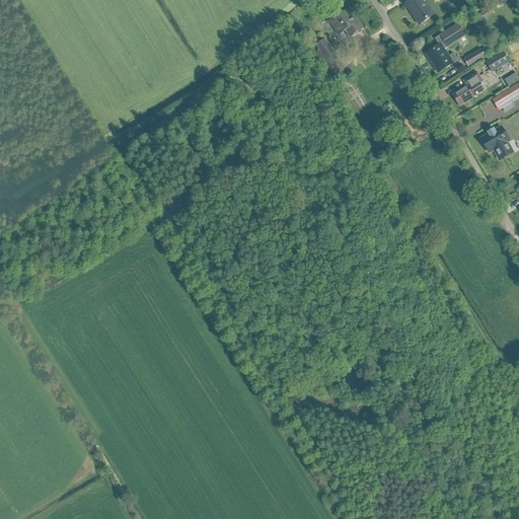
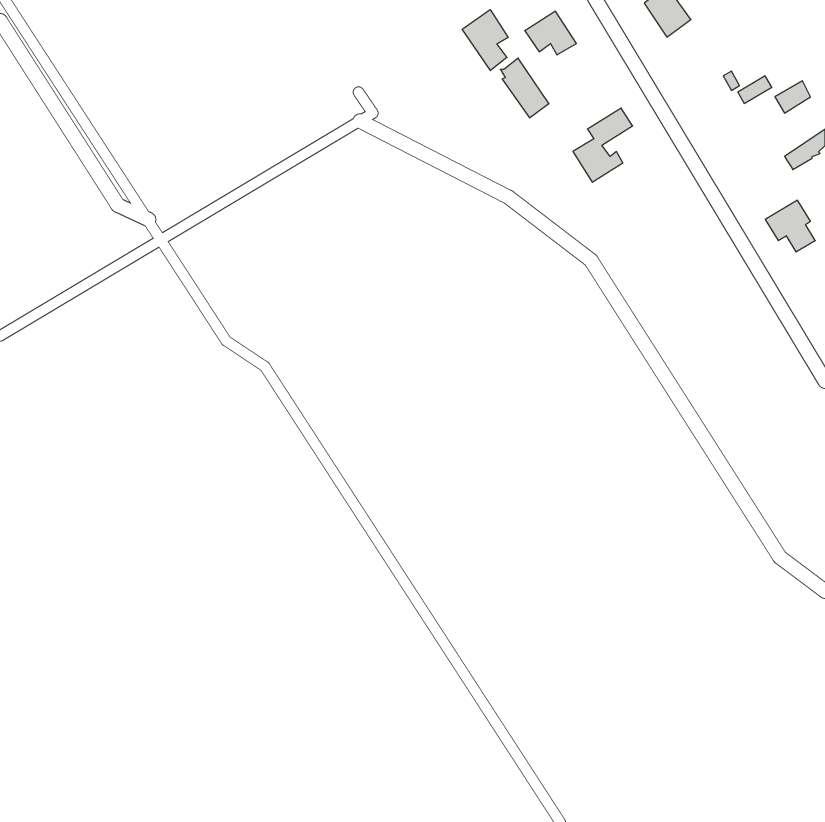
building: none -> [462,10,508,71]
building: [426,24,463,71] -> [573,108,633,182]
building: [452,70,484,104] -> none

